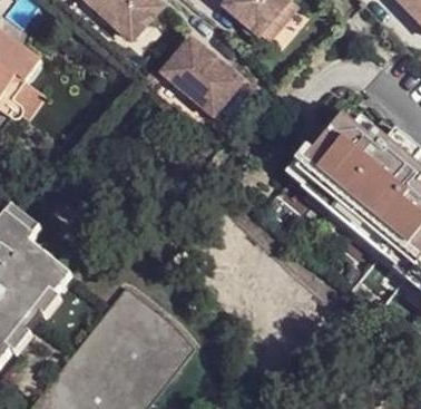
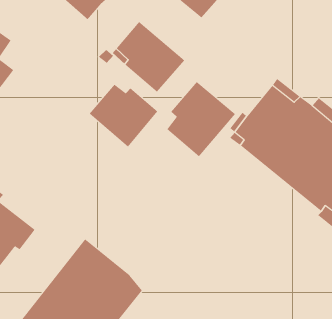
building: none -> [166,81,236,157]
building: none -> [89,84,158,147]

